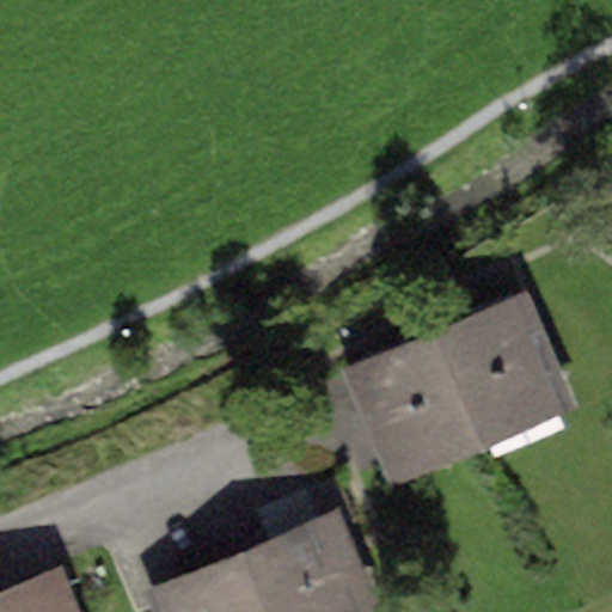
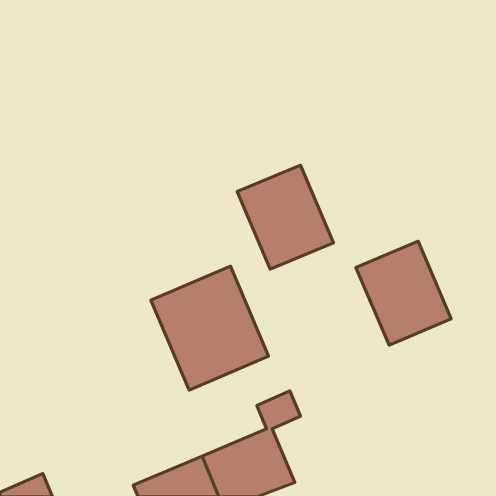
building: none -> [151,266,269,390]
building: [361,330,479,458] -> [237,165,333,269]

